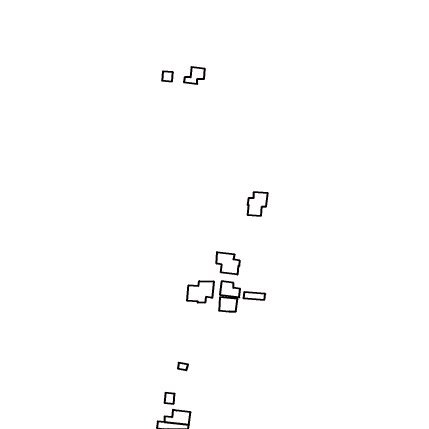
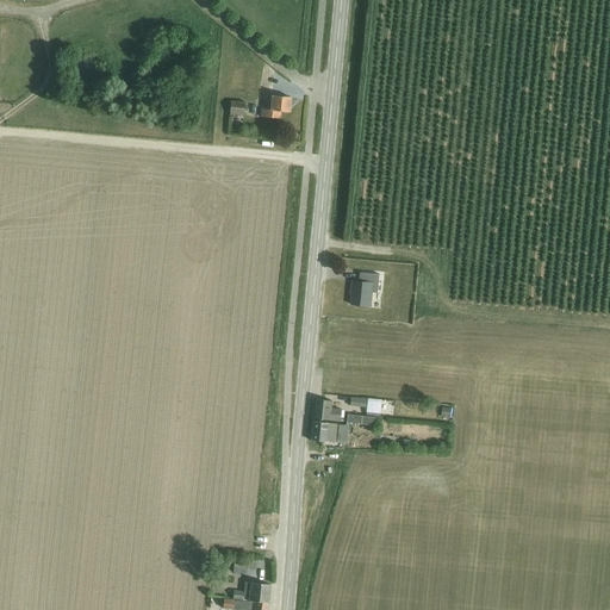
building: [217,252,239,275] -> none
building: [187,281,214,303] -> none

